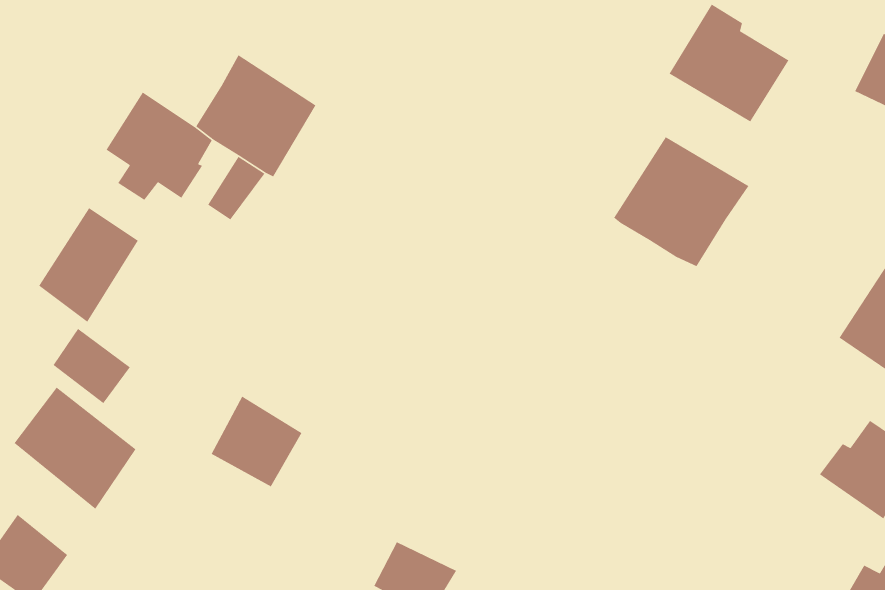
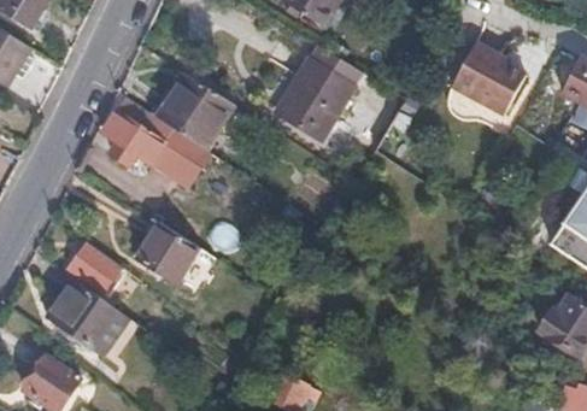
building: none -> [276,47,357,139]
building: [613,136,749,267] -> none
building: [38,207,139,323] -> none
building: [210,396,302,488] -> [139,222,195,278]

